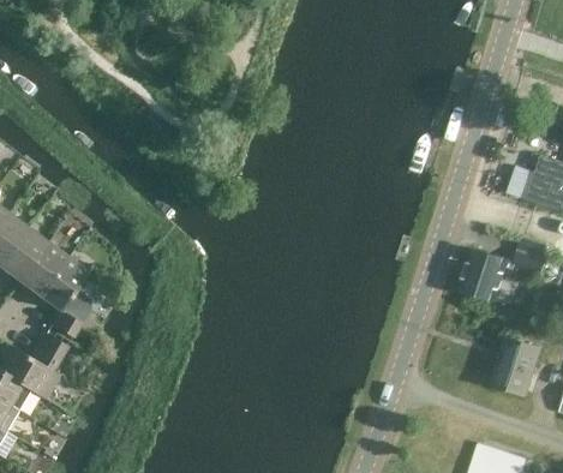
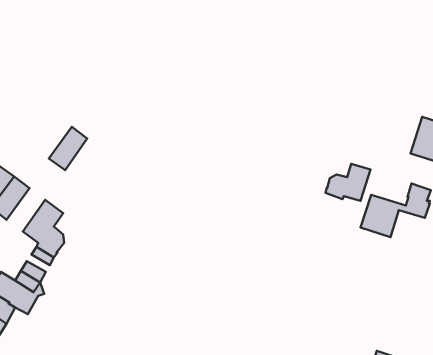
building: none -> [326,164,371,201]
building: [17,241,65,295] -> [49,127,87,170]
building: [493,340,540,396] -> none

